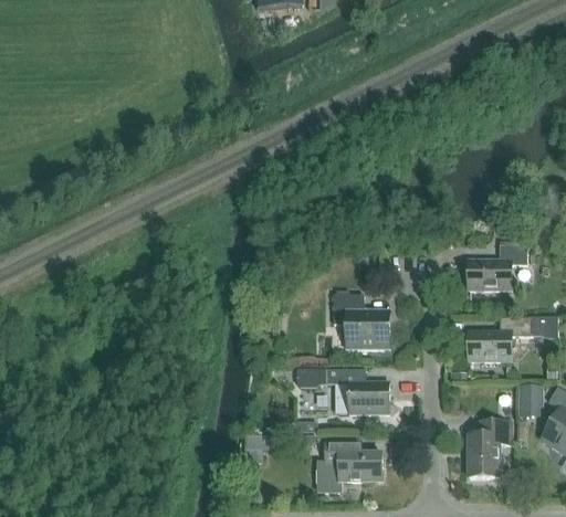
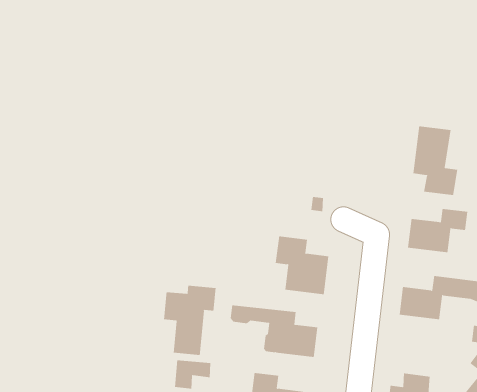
building: none -> [413,126,458,196]
building: none -> [164,285,216,356]
building: [518,383,544,416] -> none

